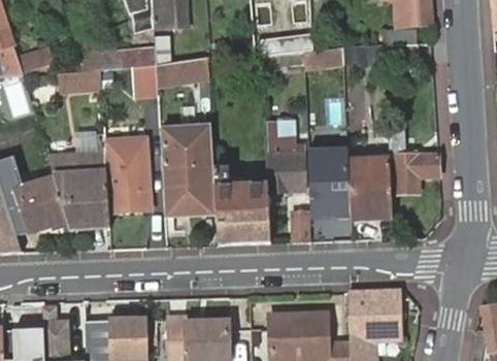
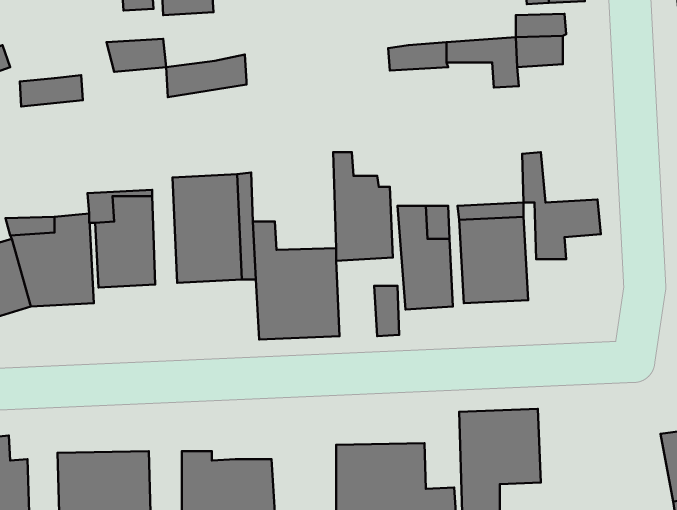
building: [77,43,123,72] -> none

